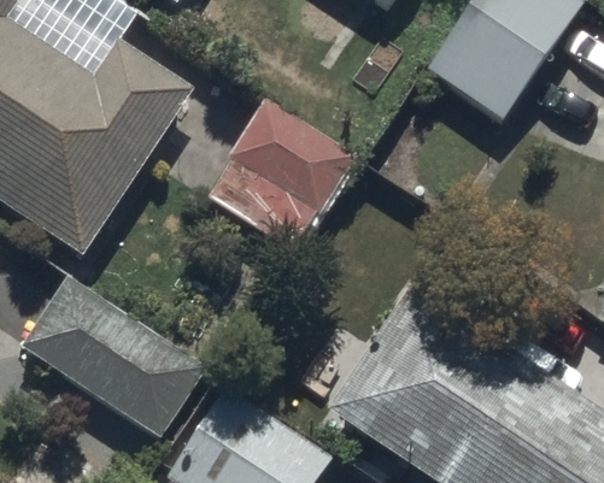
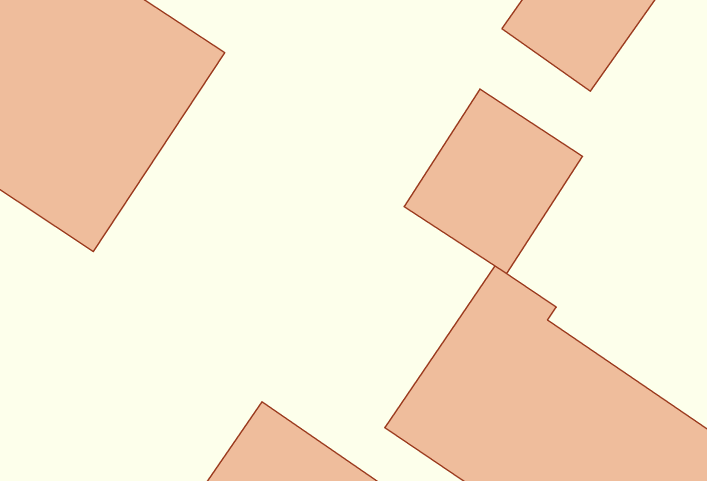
building: [206,96,357,252] -> [404,89,583,274]
building: [18,275,207,438] -> none

